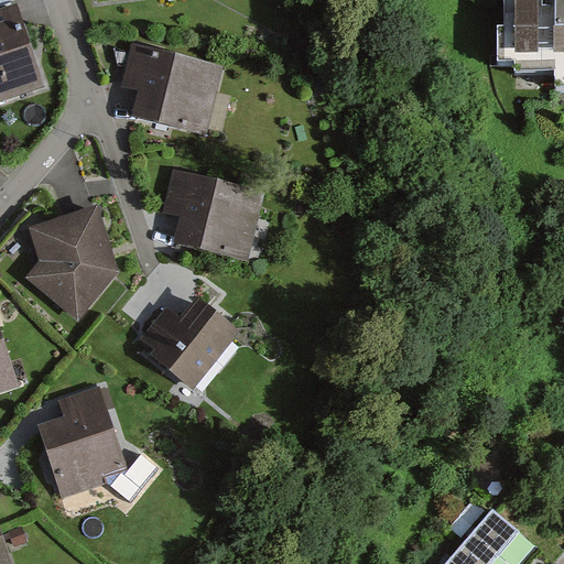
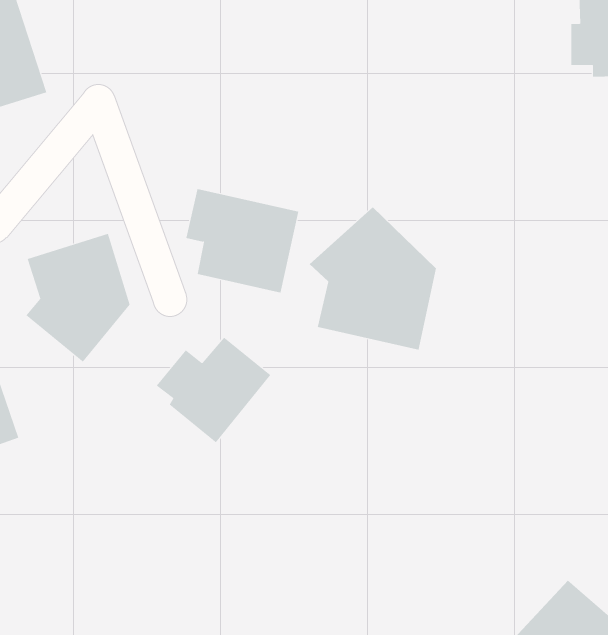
building: [123,42,223,131] -> none
building: none -> [309,206,437,350]
building: [36,387,124,498] -> none

